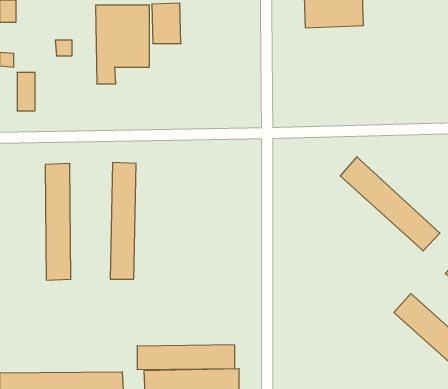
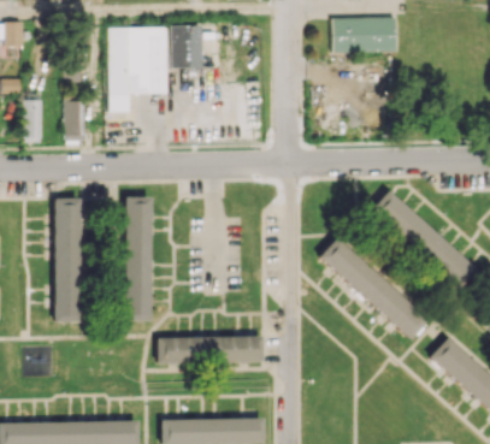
building: none -> [64,100,87,140]
building: none -> [318,238,427,339]
building: [137,345,235,370] -> [158,337,262,363]

